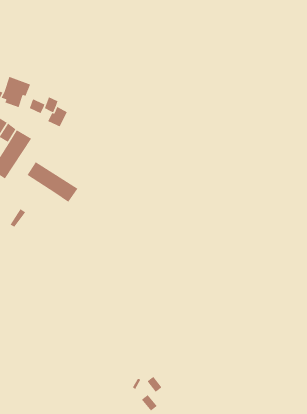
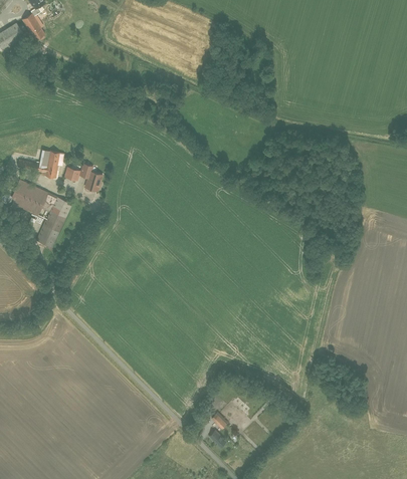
building: [27,161,78,203] -> none

